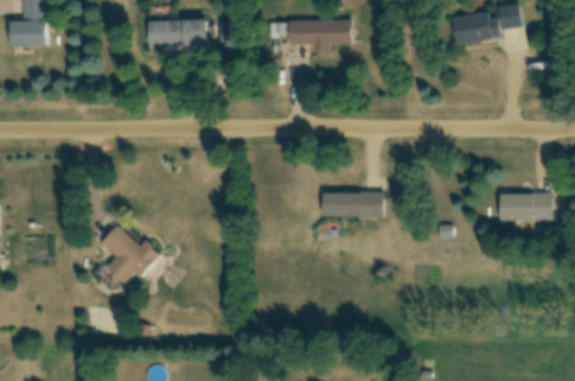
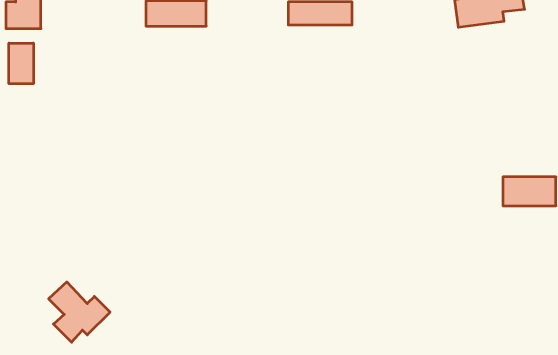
building: none -> [9,43,33,84]
building: [321,192,383,218] -> none
building: [101,226,161,285] -> [49,282,110,342]

